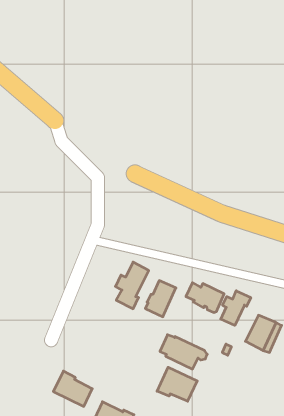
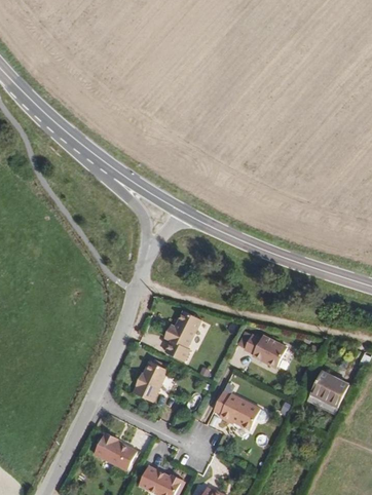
building: [145,281,176,317] -> [134,361,168,402]
building: [221,291,251,325] -> none
building: [157,367,197,401] -> none

